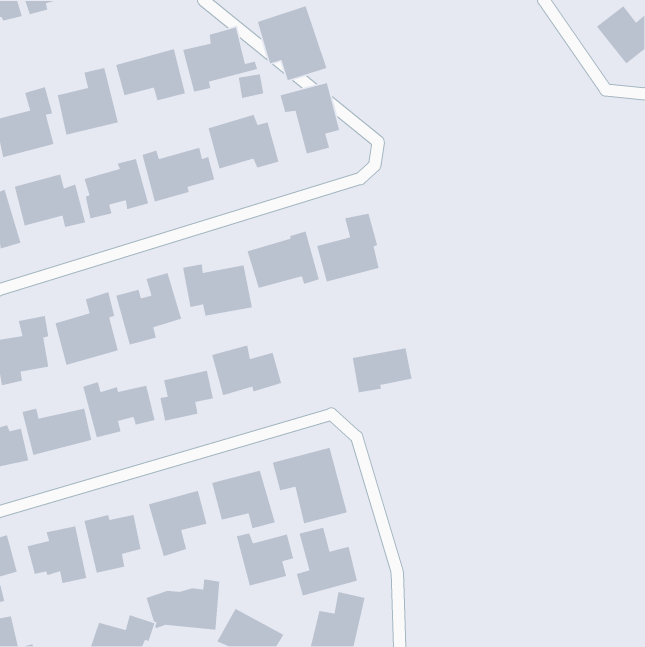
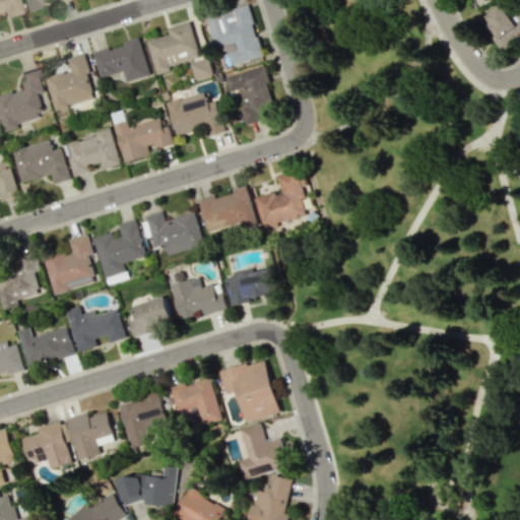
building: [352,347,413,393] -> [225,268,274,305]
building: [236,532,294,587] -> none

